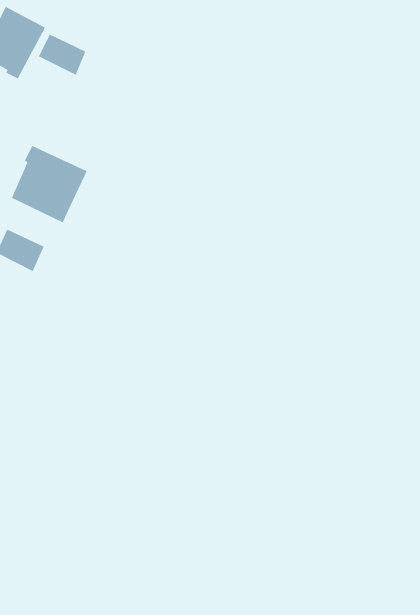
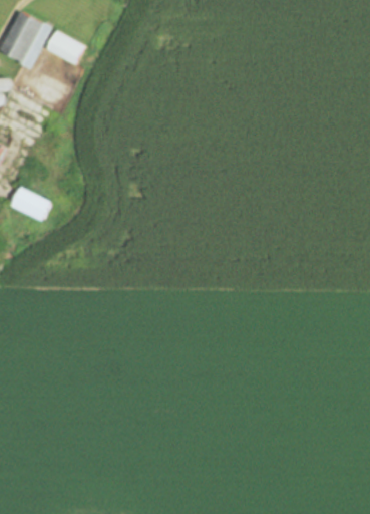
building: [11,145,87,223] -> none

